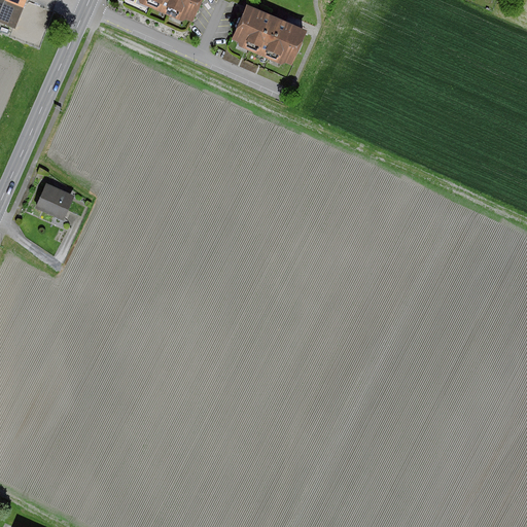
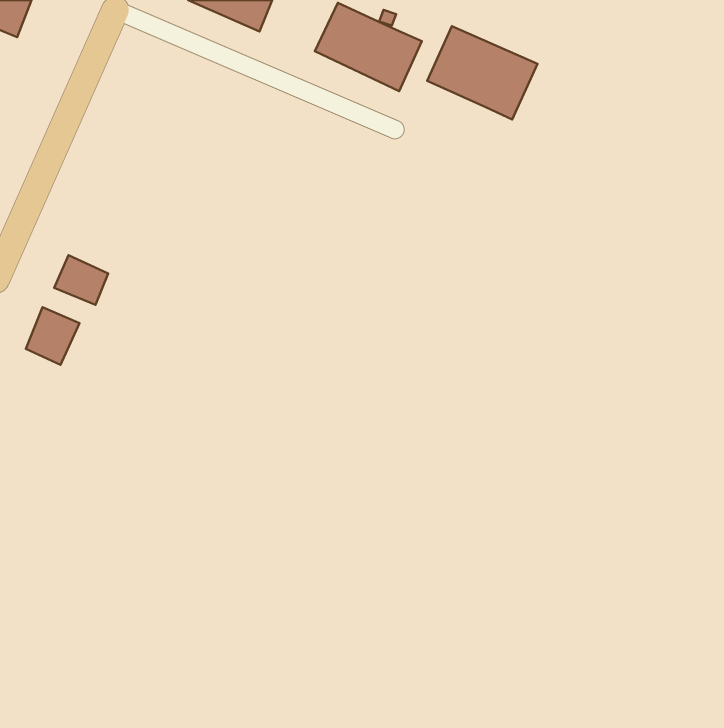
building: none -> [427,26,538,120]
building: none -> [26,307,79,365]

